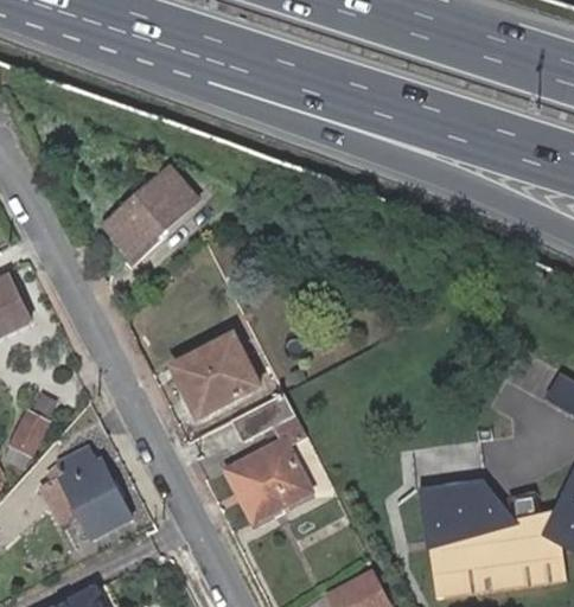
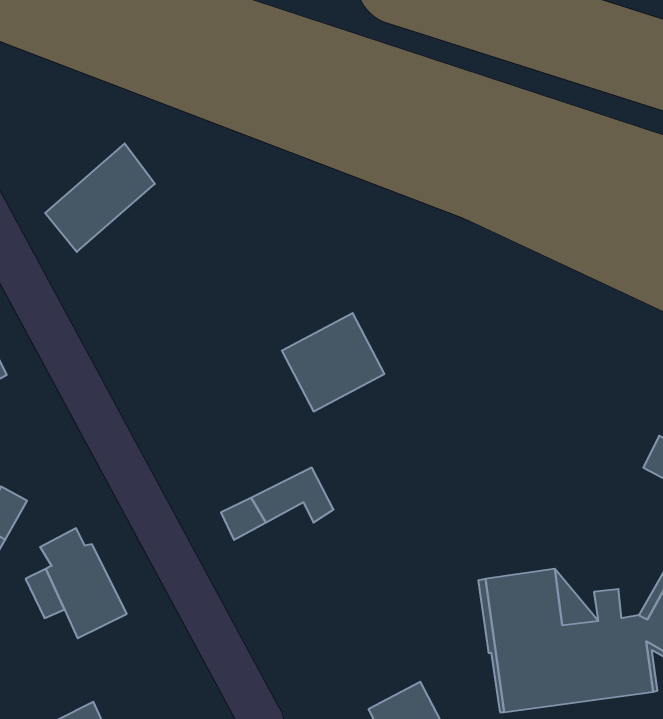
building: [107,168,197,257] -> [45,143,155,252]
building: [174,337,259,417] -> [282,313,384,411]
building: [227,441,311,520] -> none

